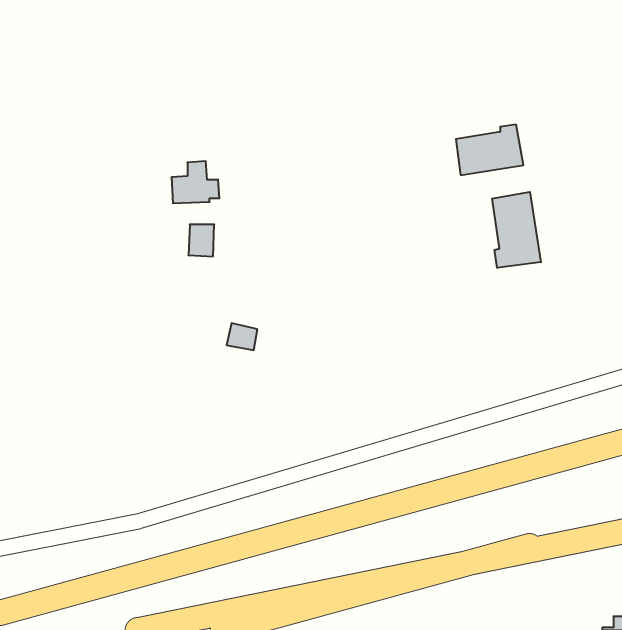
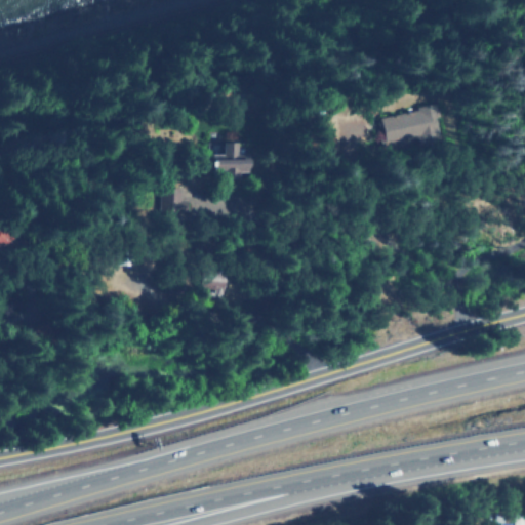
building: [171,161,219,203] -> [212,140,252,175]
building: [492,192,541,268] -> none

